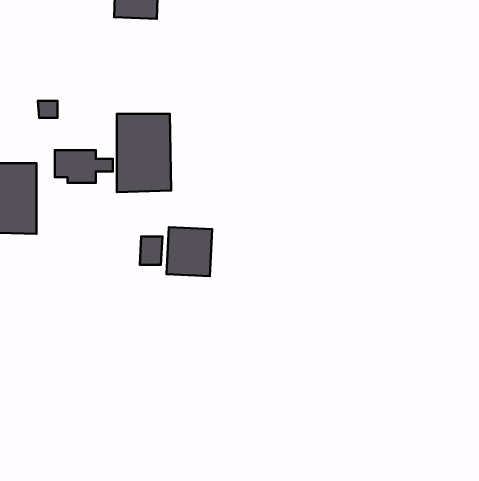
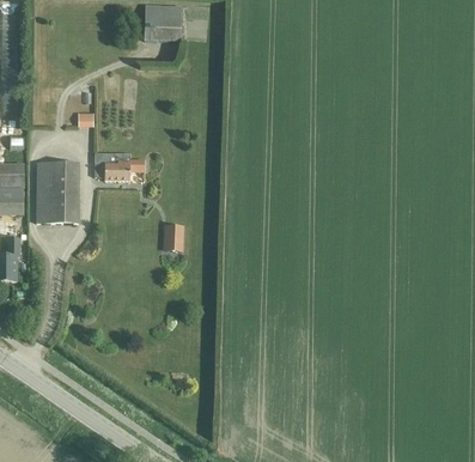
building: [117,114,171,192] -> none
building: [167,227,212,276] -> none

